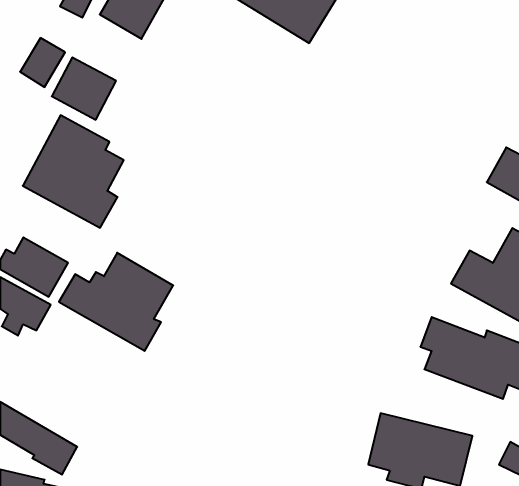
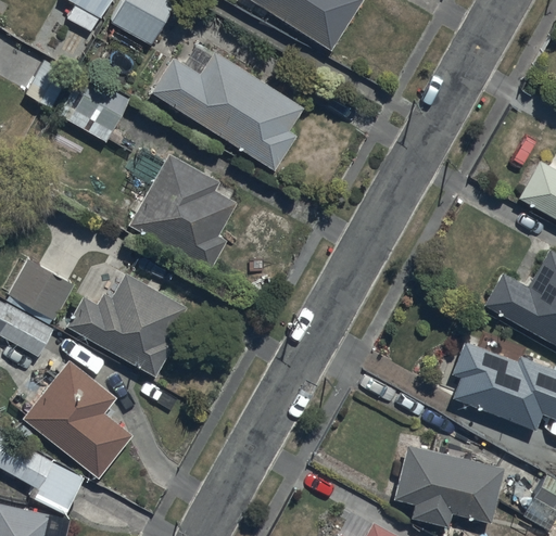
building: none -> [153,51,303,171]
building: [23,115,124,228] -> [128,154,236,273]
building: none -> [21,360,134,480]

